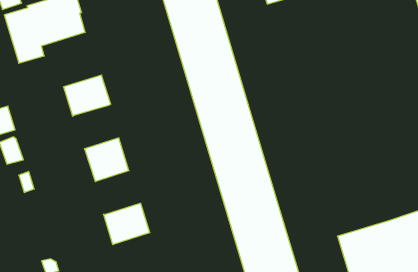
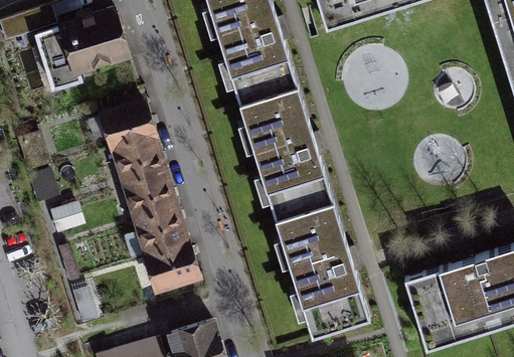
building: none -> [115,137,164,185]
building: none -> [138,209,187,257]

